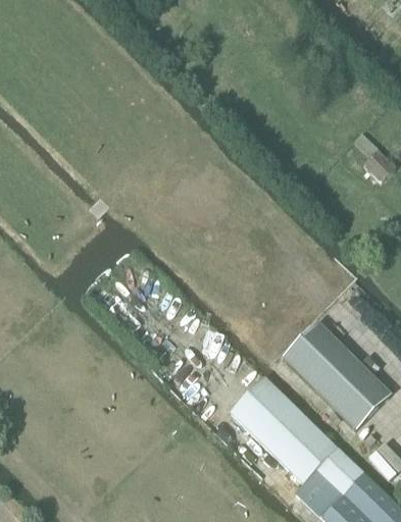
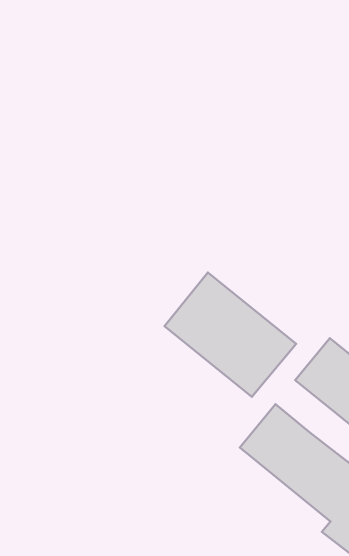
building: none -> [165,272,296,397]

